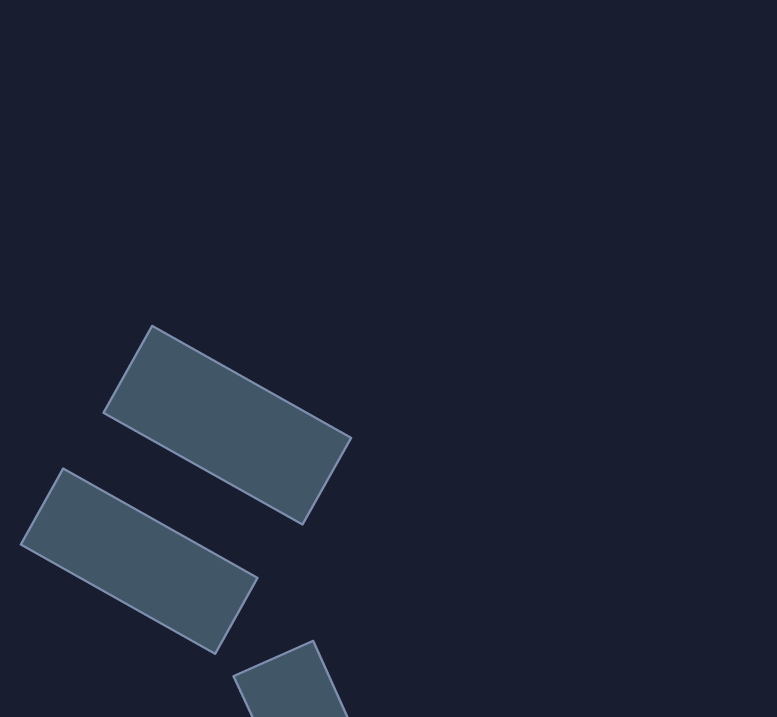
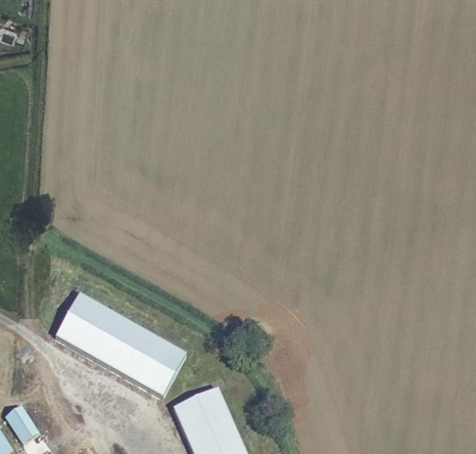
building: [104,326,351,525] -> none

